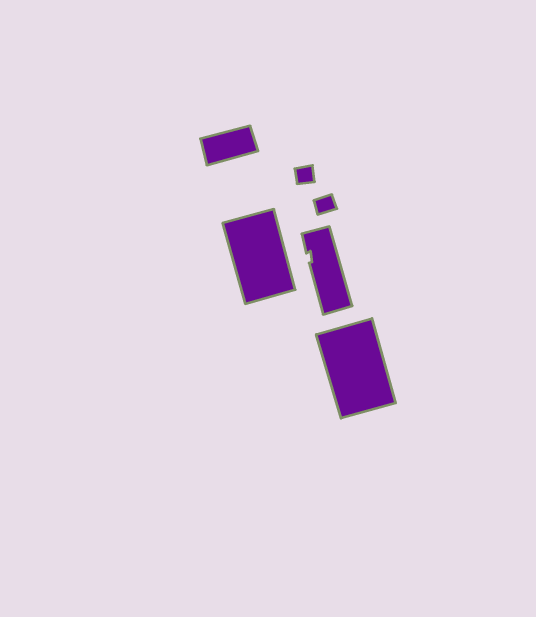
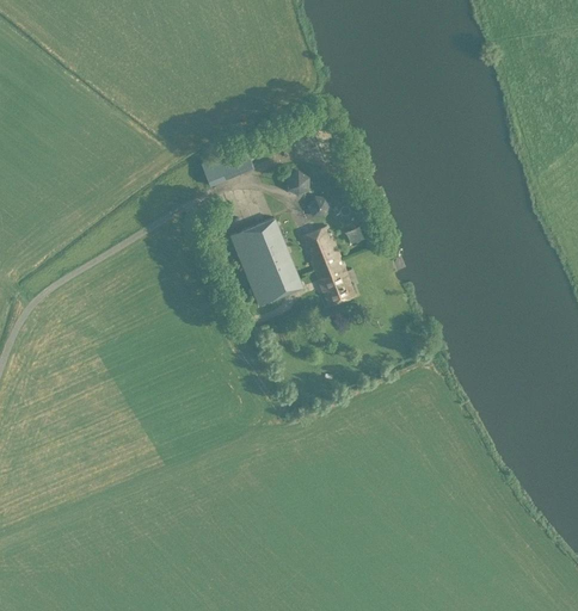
building: [316,318,396,418] -> none

